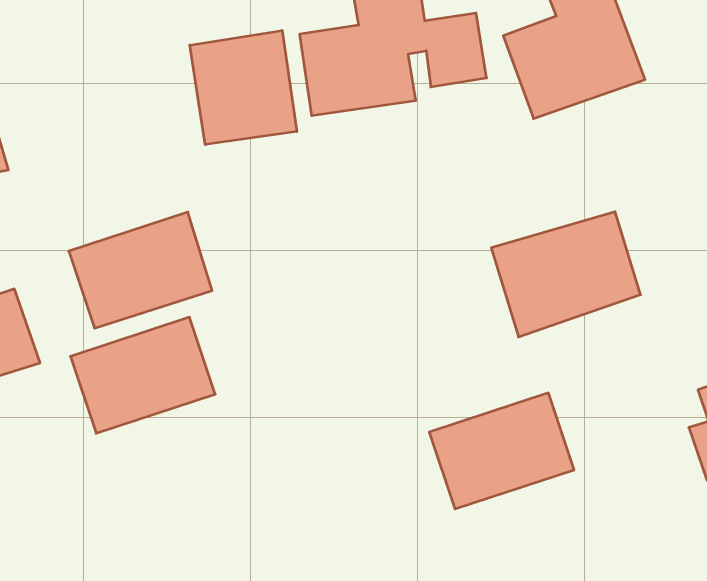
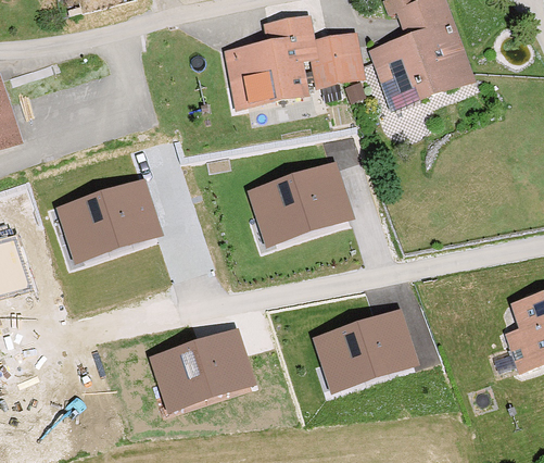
building: [190,30,297,145] -> none
building: [491,212,641,337] -> [249,163,356,253]
building: [70,317,215,433] -> [150,324,254,408]

